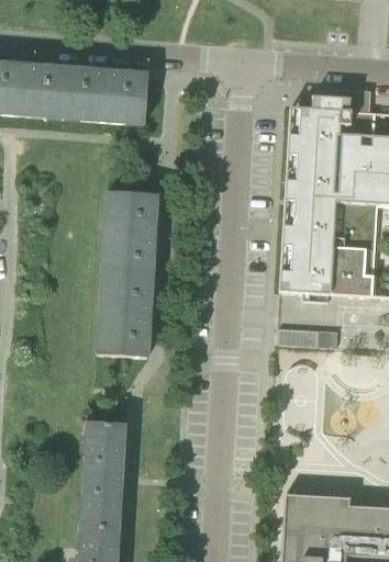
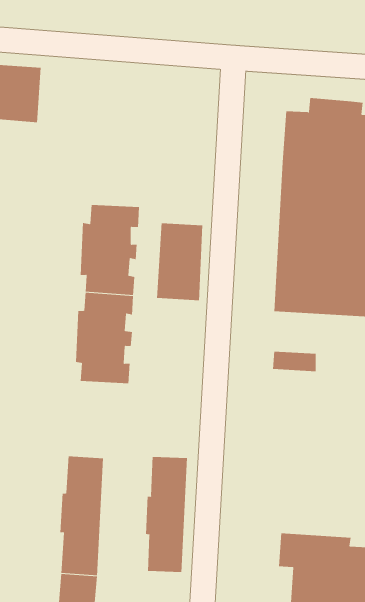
building: [63,68,146,124] -> none
building: none -> [157,222,203,301]
building: none -> [146,456,188,573]

